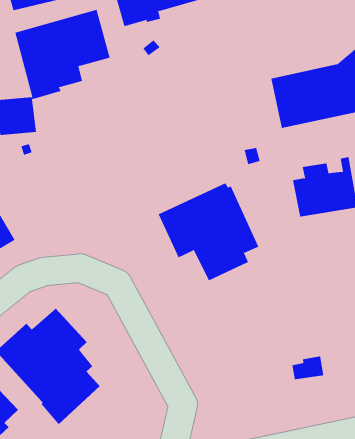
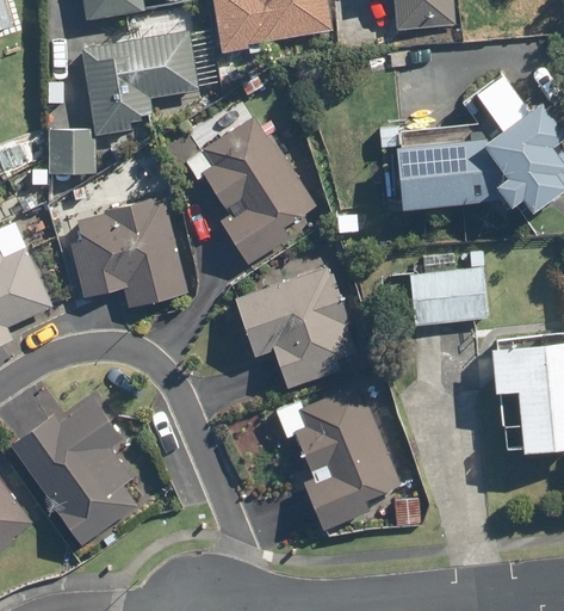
building: none -> [184,118,314,265]
building: none -> [68,197,186,308]
building: none -> [272,385,404,531]

